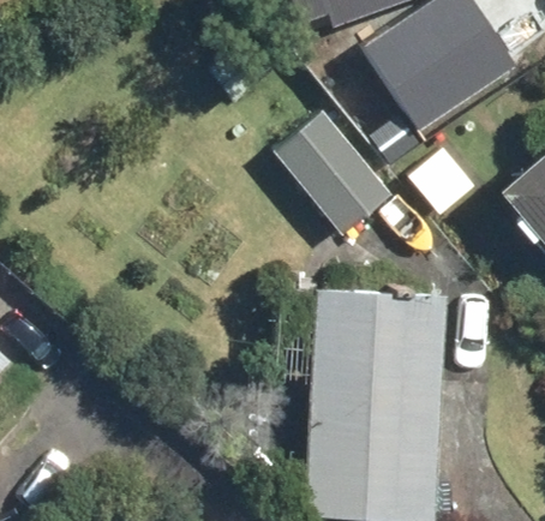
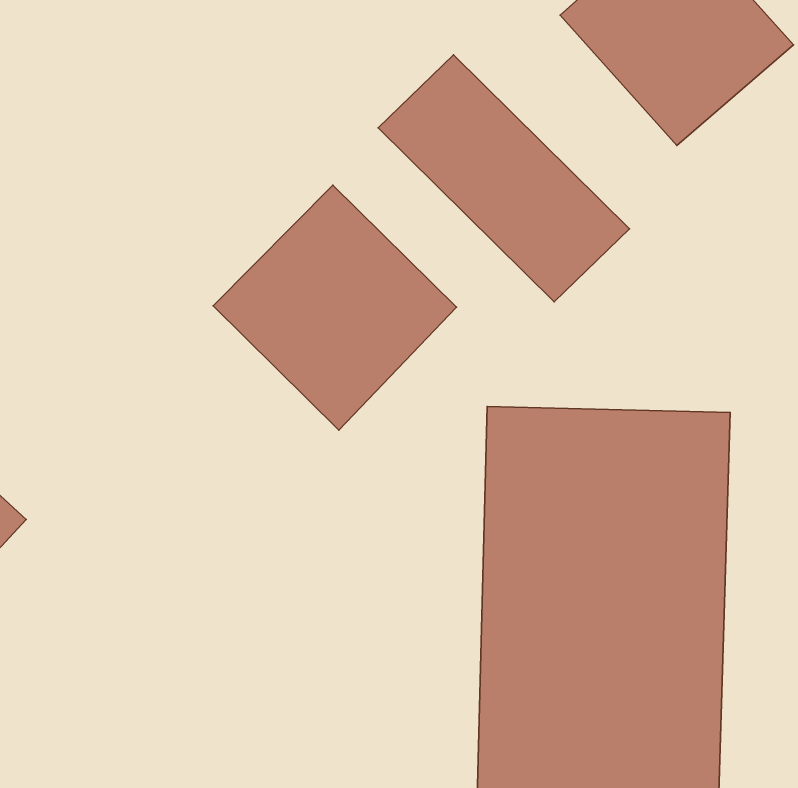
building: none -> [213,185,457,430]

